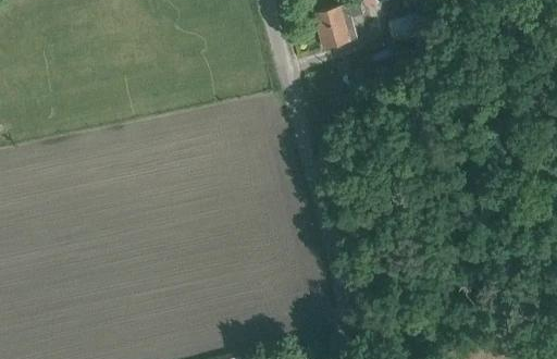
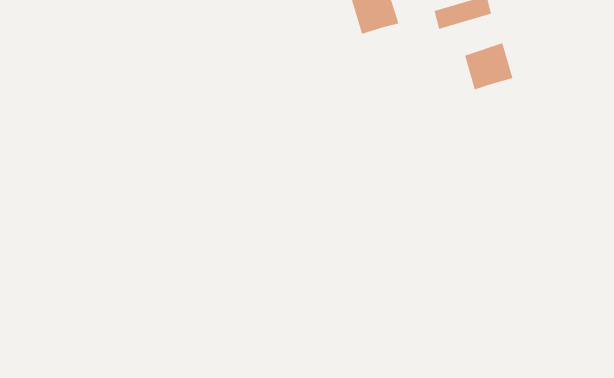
building: none -> [464,42,514,91]

